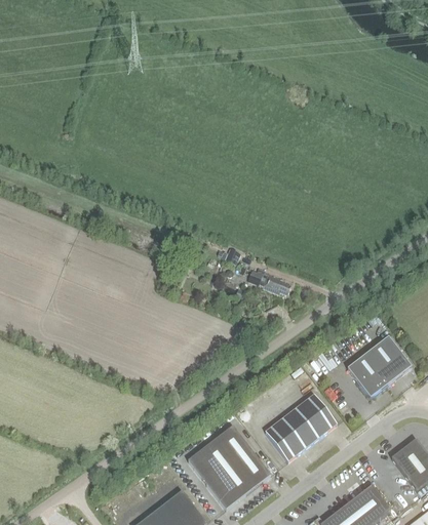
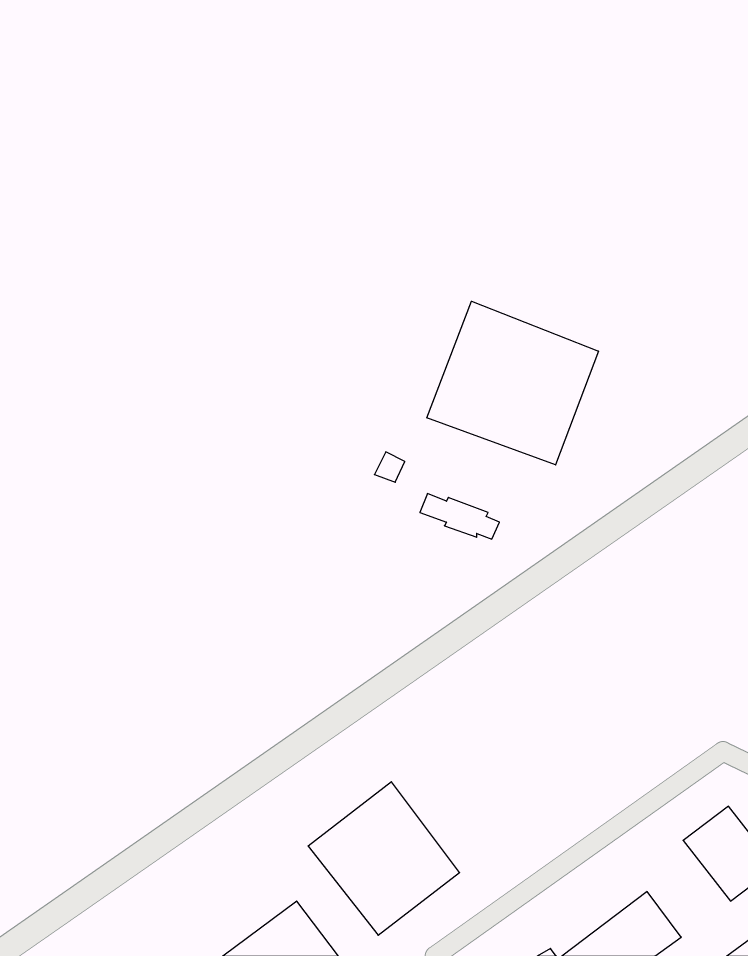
building: none -> [427,301,598,465]
building: [347,337,411,398] -> none
building: [265,395,337,461] -> none

